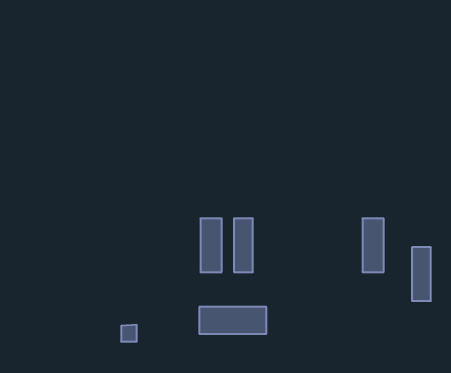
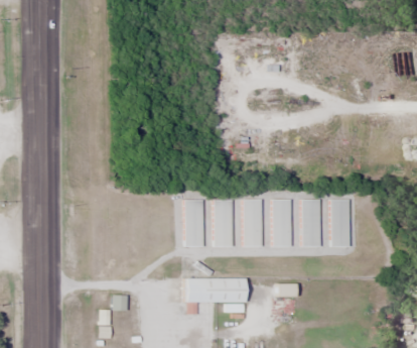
building: none -> [246,199,264,247]
building: none -> [276,199,293,247]
building: [412,247,431,301] -> [305,199,322,247]

